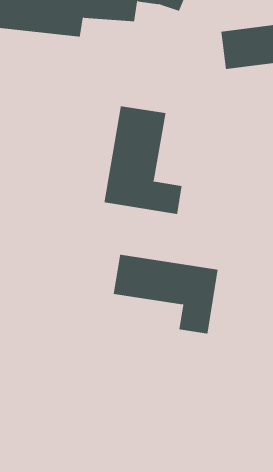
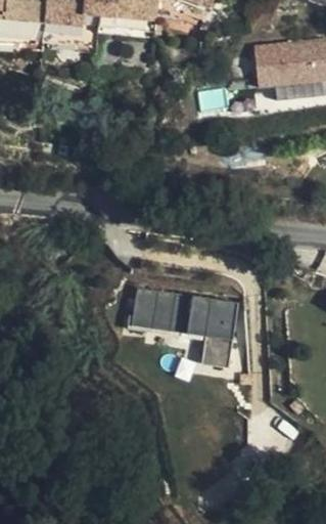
building: [104,105,182,215] -> none

